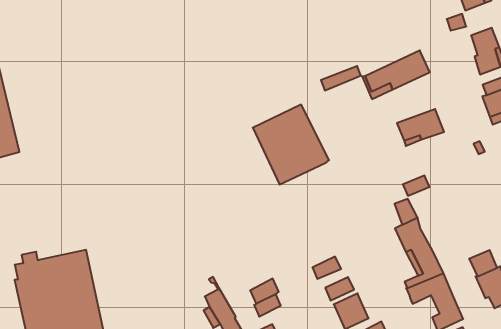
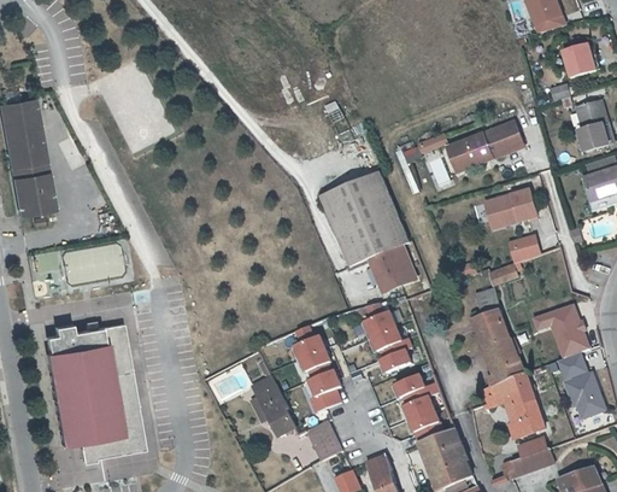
building: none -> [507,234,539,260]
building: none -> [365,241,416,293]
building: none -> [64,247,119,282]
building: none -> [531,303,588,356]
building: none -> [362,310,401,350]
building: none -> [290,324,330,373]

